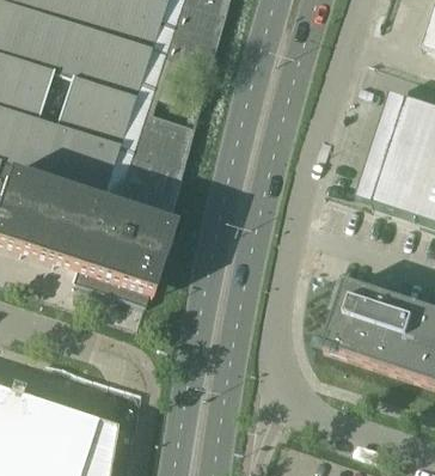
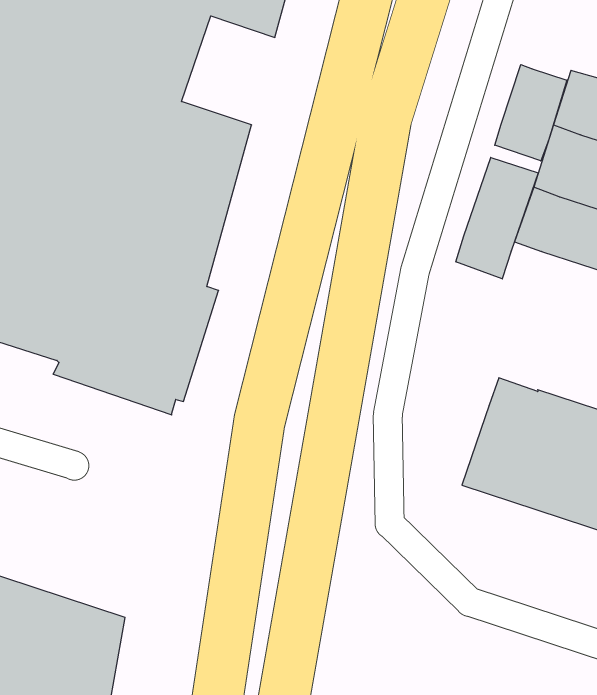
building: none -> [495,65,567,161]
building: none -> [456,157,538,279]

